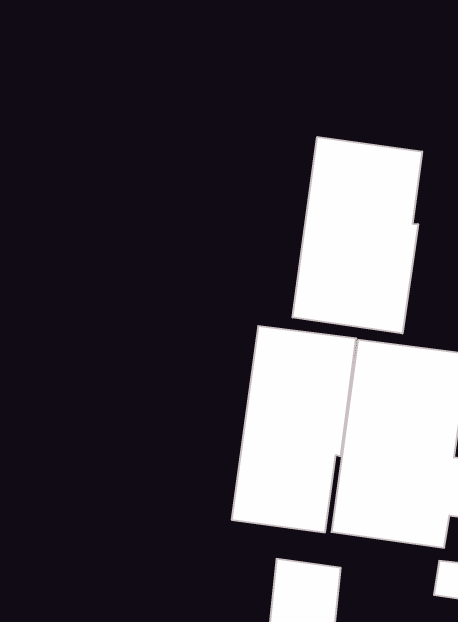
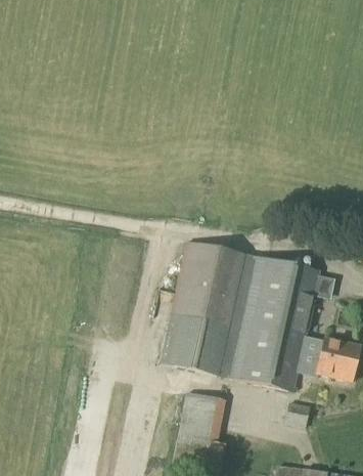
building: [293,137,422,334] -> none

